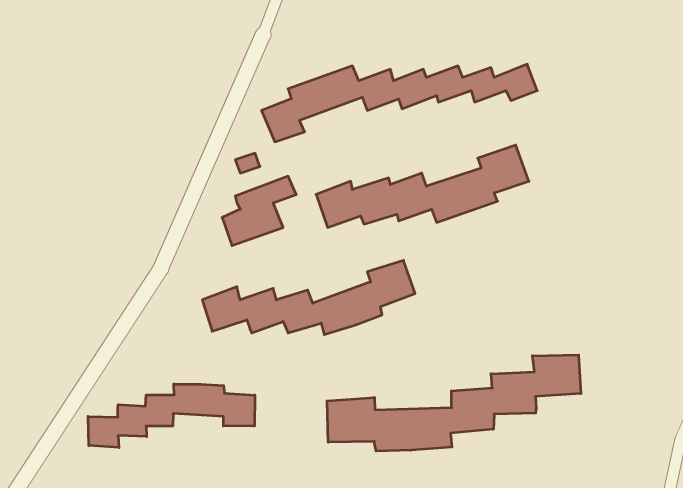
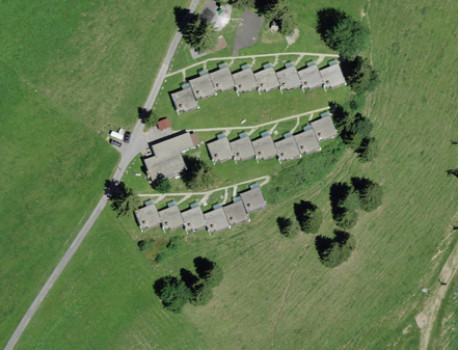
building: [327,355,581,451] -> none
building: [88,384,255,448] -> none

